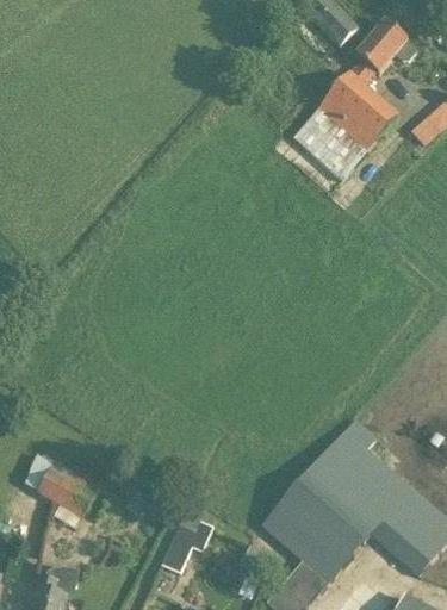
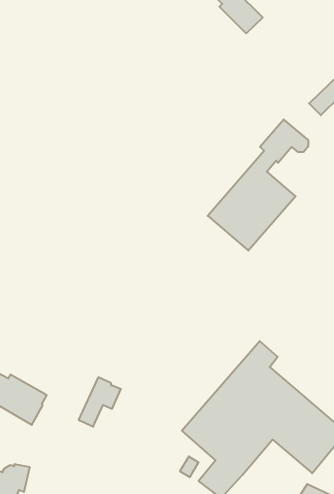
building: [293,20,415,179] -> [208,119,308,251]
building: [162,512,213,572] -> [79,377,121,427]

